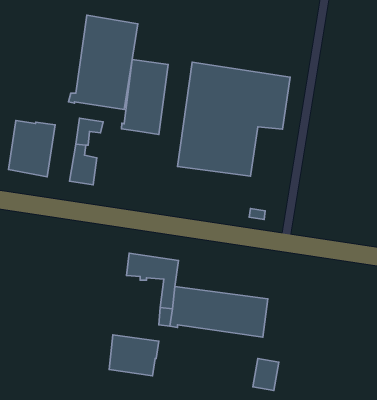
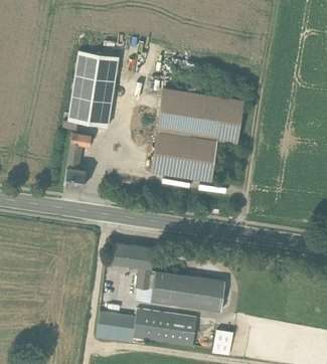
building: [121,59,168,134] -> none
building: [9,120,55,177] -> none
building: none -> [133,309,197,346]

